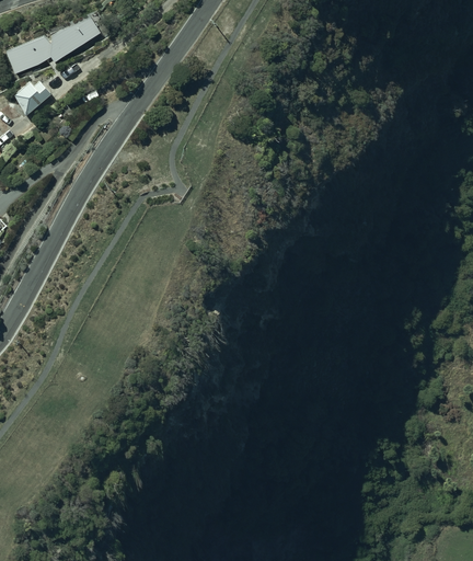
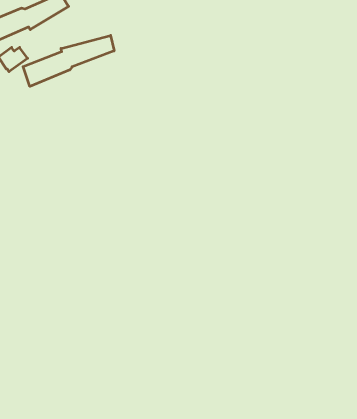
building: none -> [23,35,114,86]

